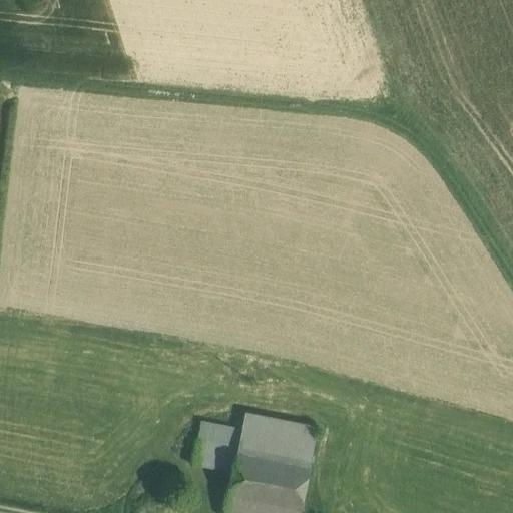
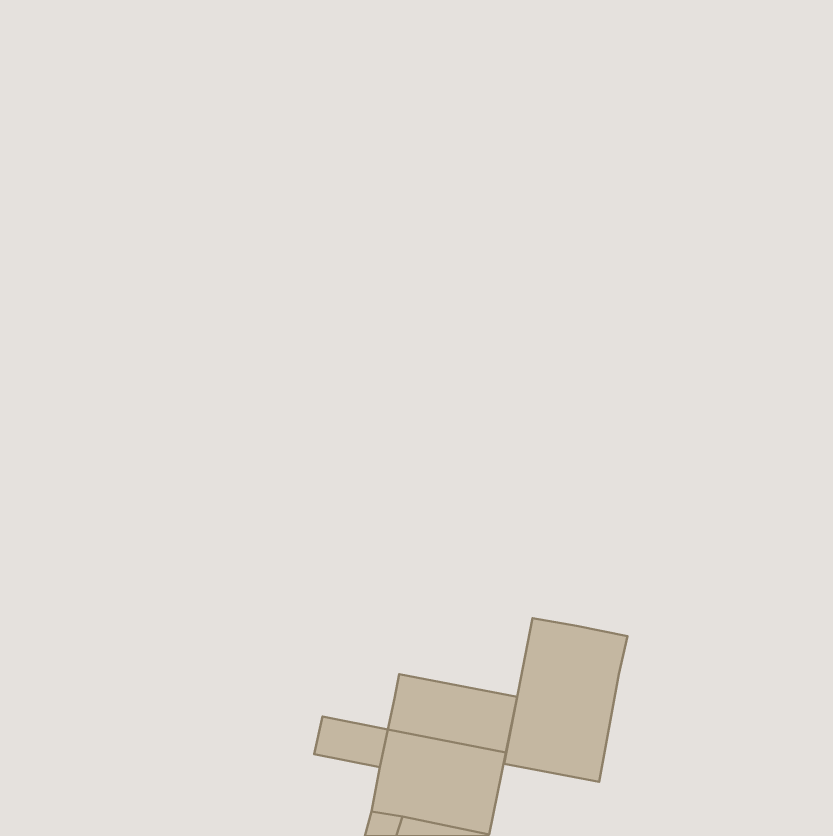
building: none -> [504,618,627,782]
building: [199,421,243,447] -> none

